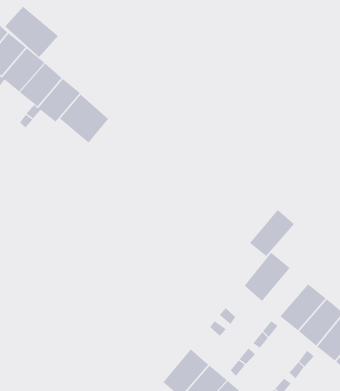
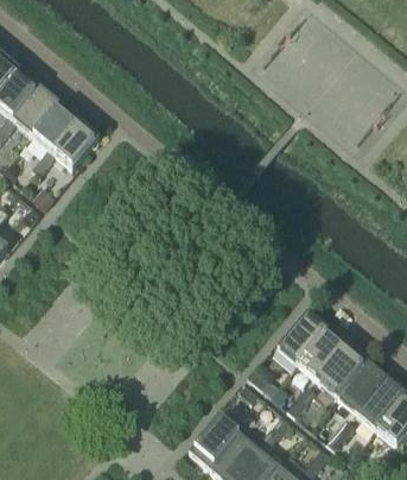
building: [5,6,59,58] -> none
building: [59,94,109,144] -> none
building: [249,209,295,257] -> [298,327,348,379]

